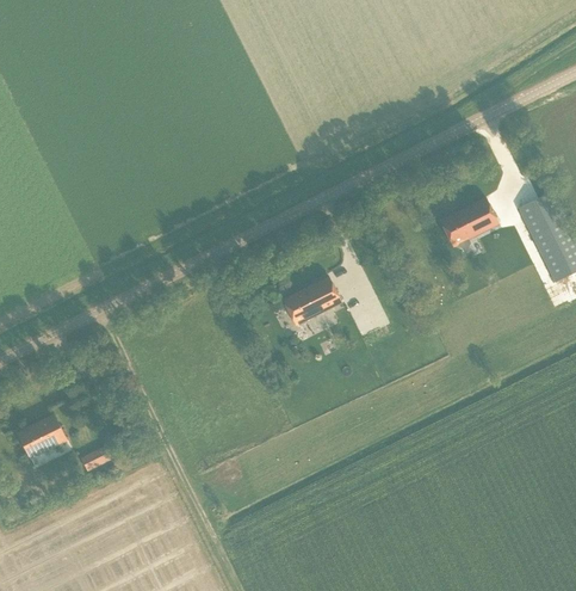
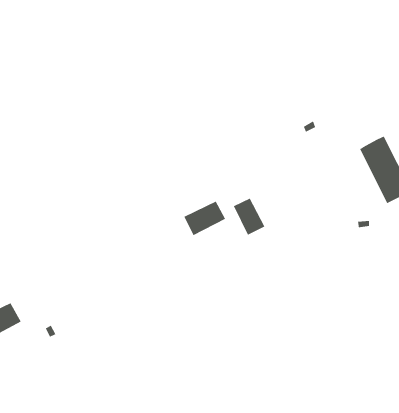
building: [440,201,497,248] -> none
building: none -> [233,198,265,236]

